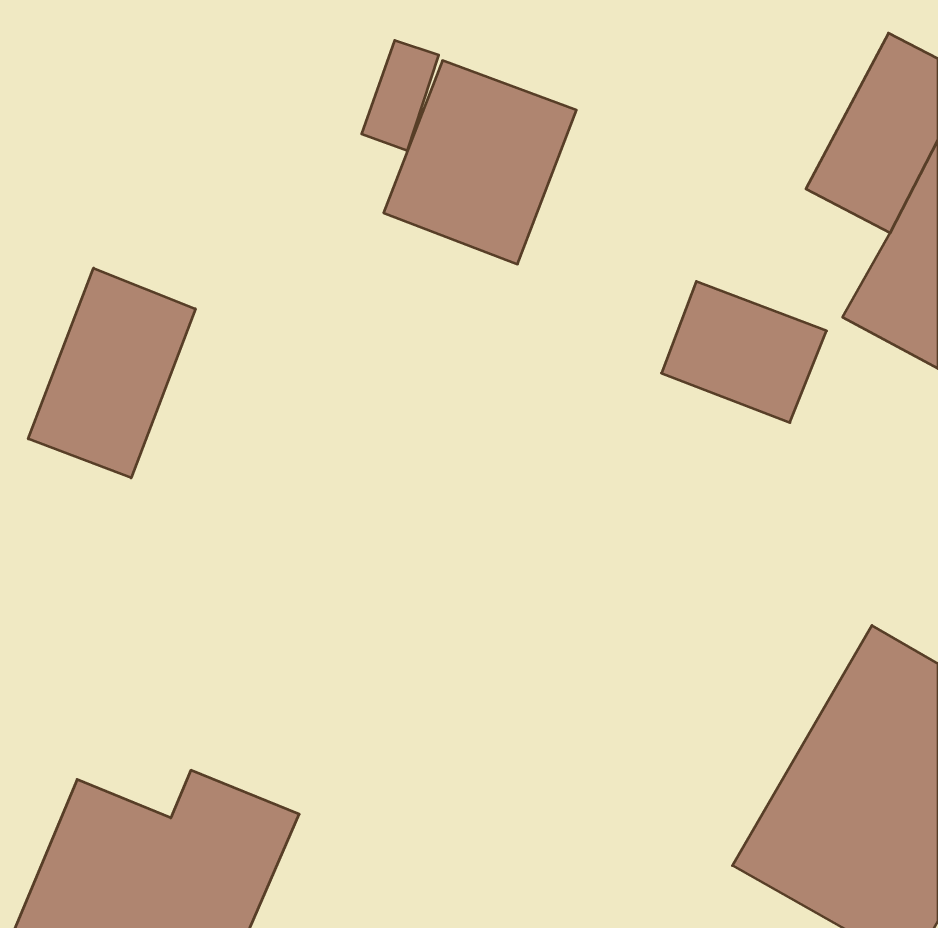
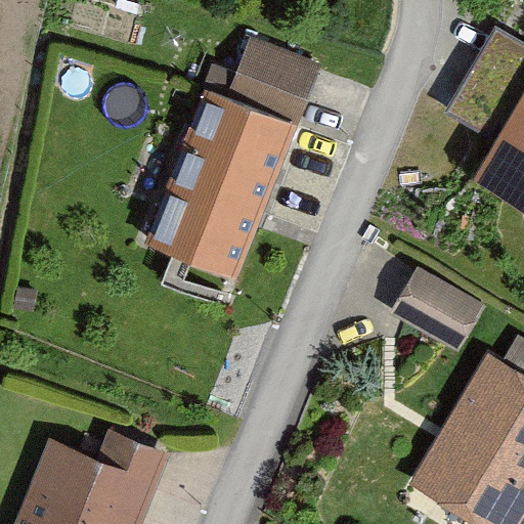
building: none -> [142,115,289,281]
building: [28,268,195,478] -> none
building: [661,281,827,423] -> [394,265,486,344]

